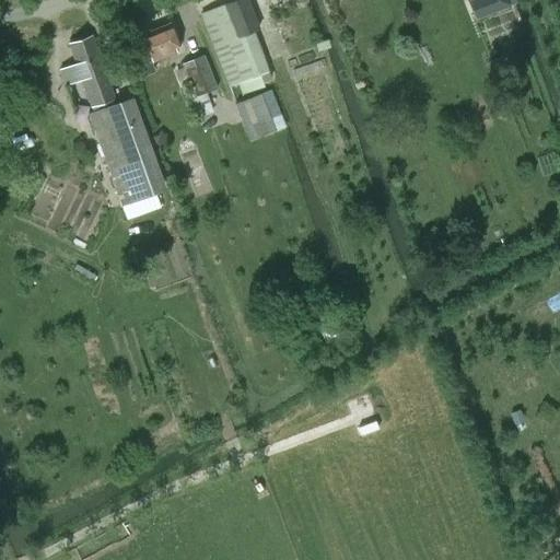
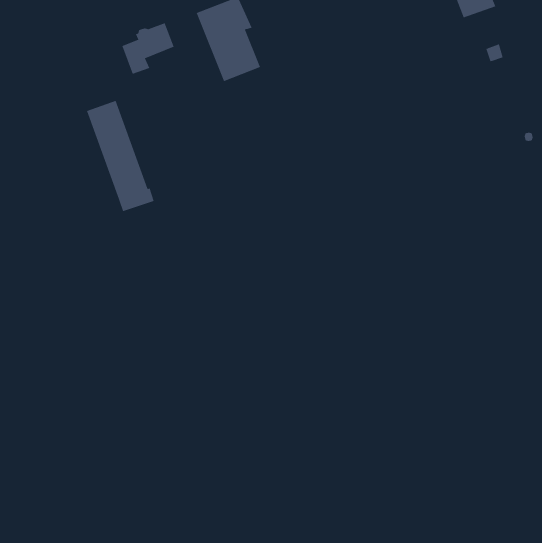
building: [62,36,116,106] -> none
building: [186,55,219,95] -> none
building: [238,94,276,139] -> none

